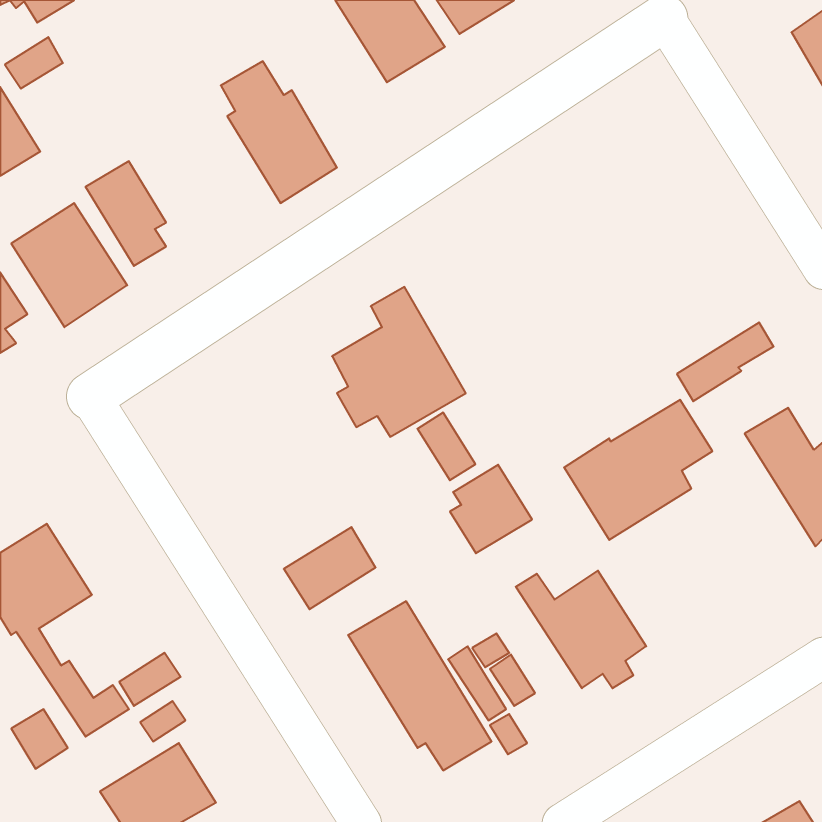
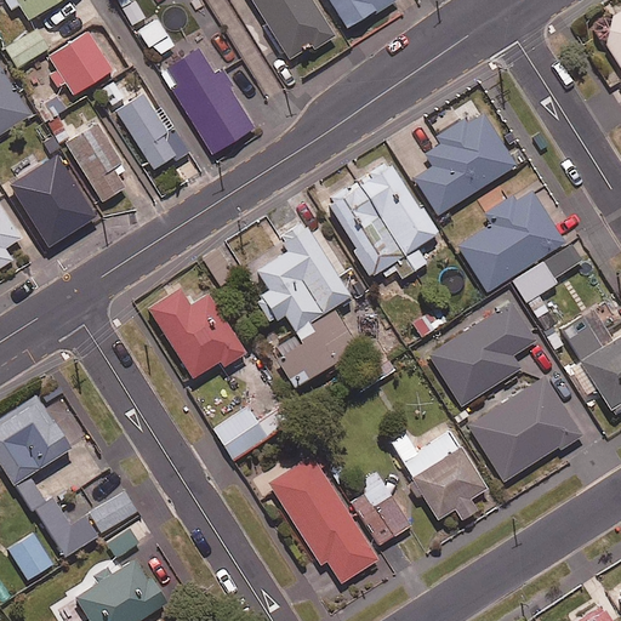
building: none -> [51,33,112,93]
building: none -> [115,93,190,171]
building: none -> [410,109,514,212]
building: none -> [326,160,439,279]
building: none -> [455,187,565,290]
building: none -> [144,286,246,380]
building: [450,465,532,553] -> [275,324,337,391]
building: none -> [463,374,576,475]

